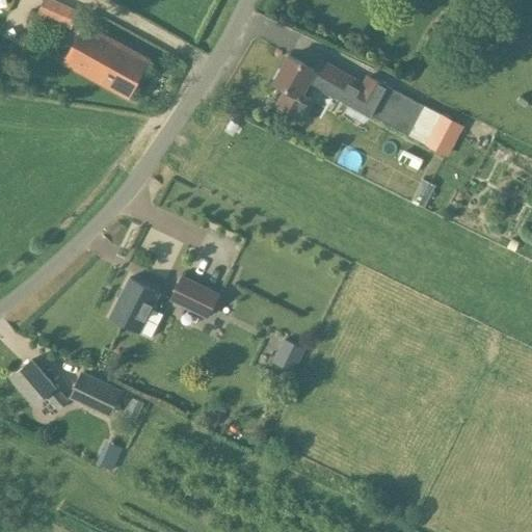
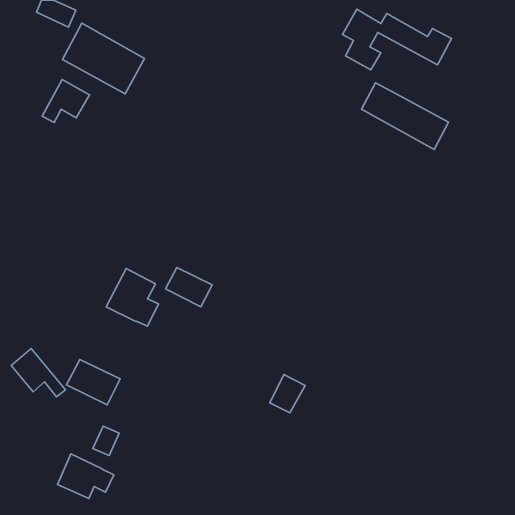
building: [274,56,387,118] -> [343,9,452,70]
building: none -> [42,80,89,122]
building: [269,337,305,376] -> [270,375,305,413]
building: none -> [57,454,114,499]

